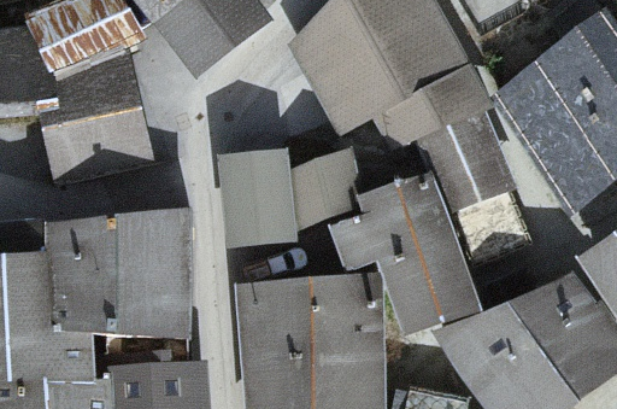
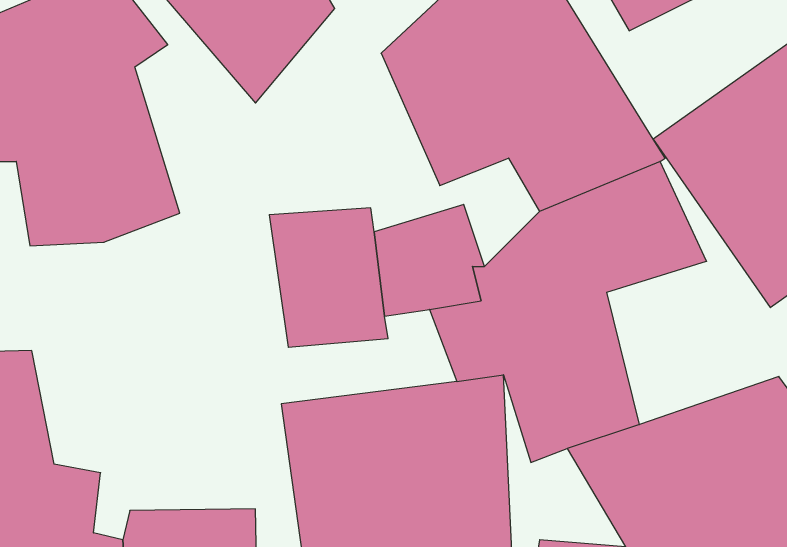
building: [47,214,196,335] -> none

